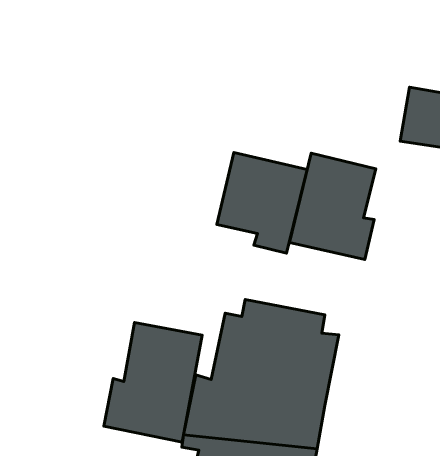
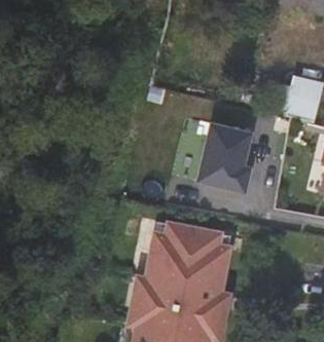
building: [217,152,307,253] -> none
building: [104,322,202,442] -> none

